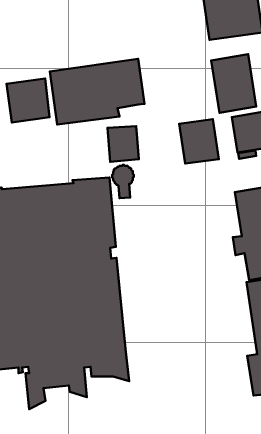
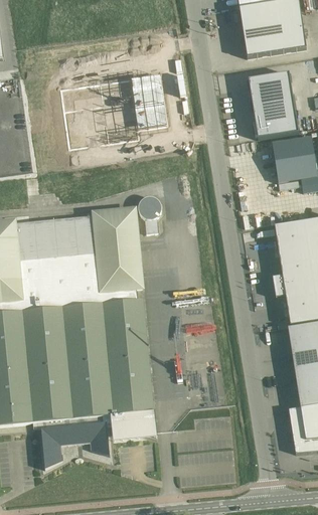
building: [6,79,50,122] -> none
building: [179,119,219,164] -> none
building: [107,126,139,162] -> none

